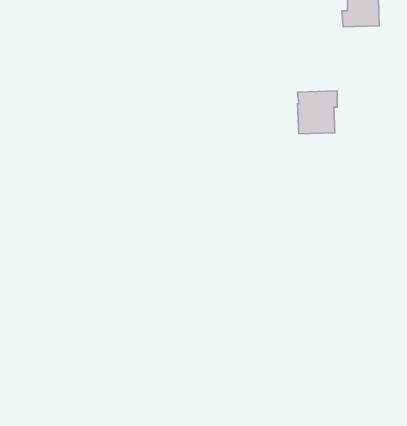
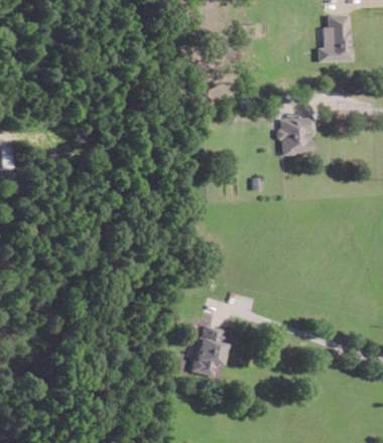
building: none -> [193,324,226,376]

